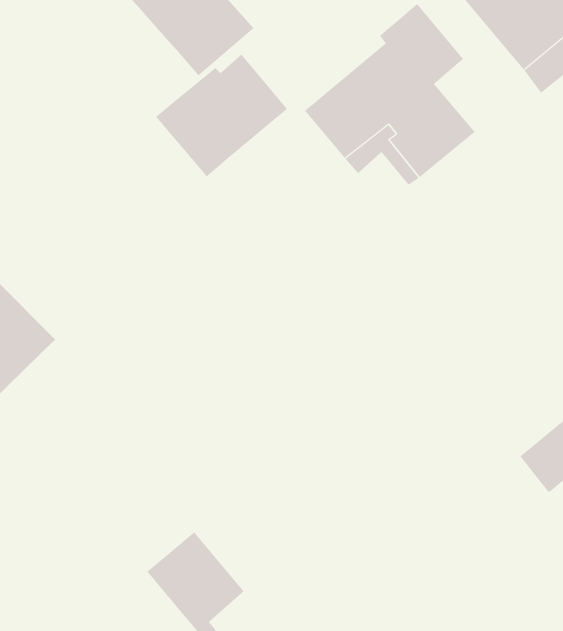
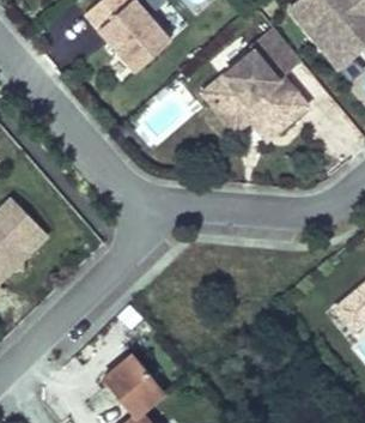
building: [155,54,288,177] -> none

